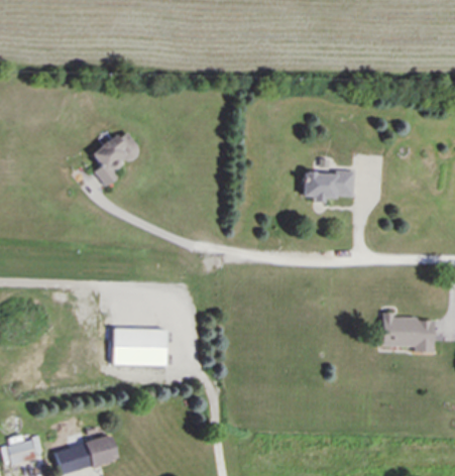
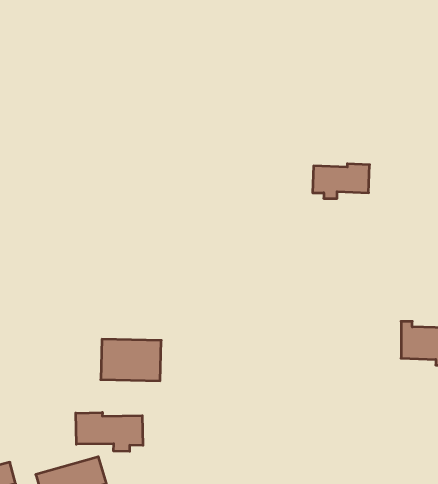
building: [91,128,140,186] -> none
building: none -> [76,412,143,451]

